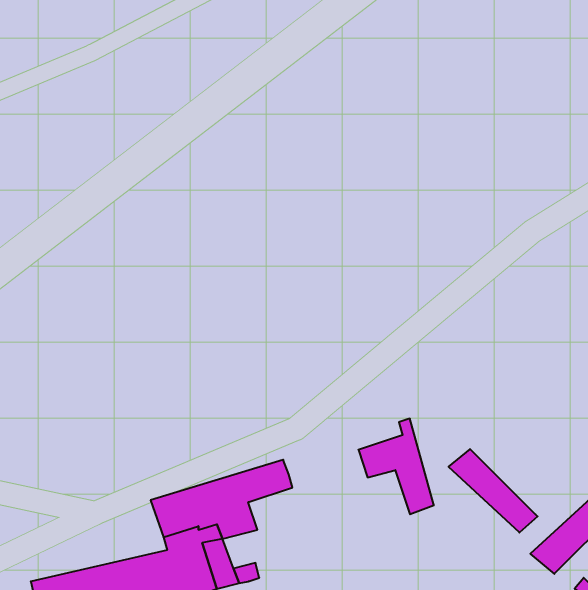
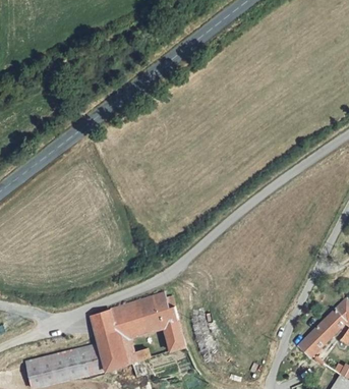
building: [358,419,434,514] -> [142,299,184,352]
building: [449,449,538,533] -> none

